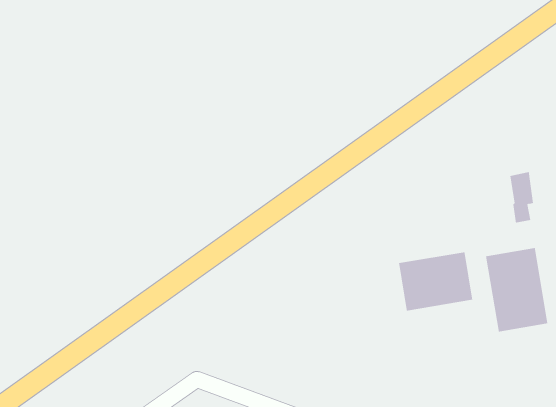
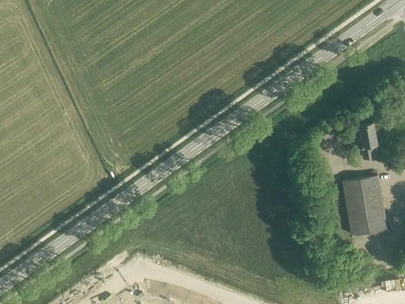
building: [398,251,473,312] -> none

